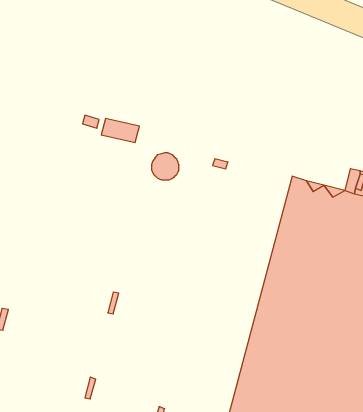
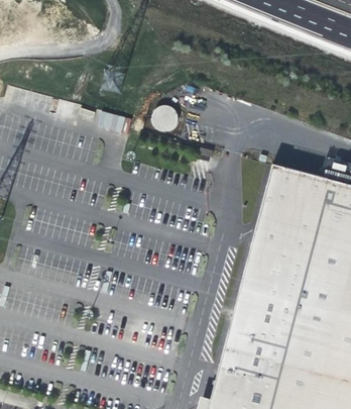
building: [152,153,179,180] -> [152,106,178,131]

